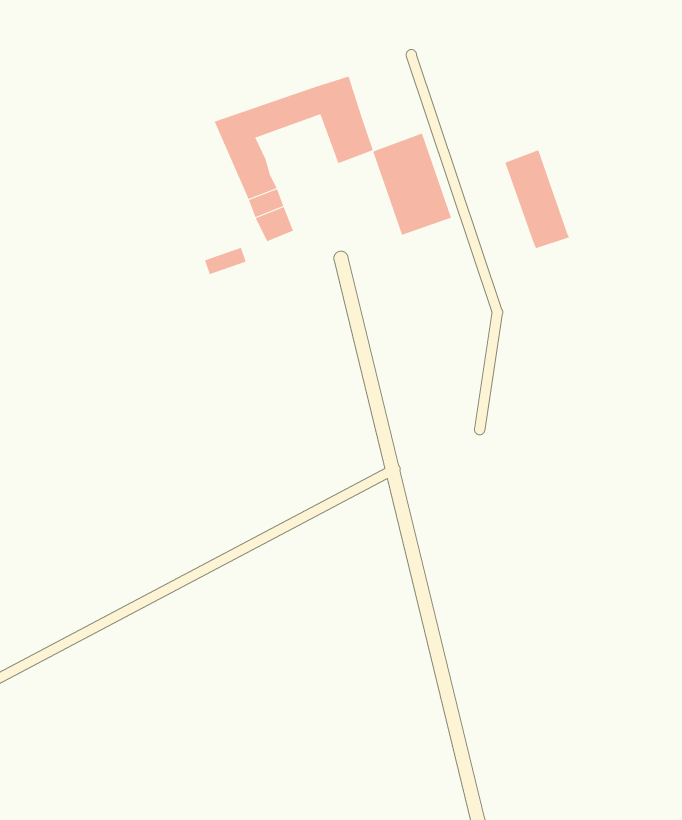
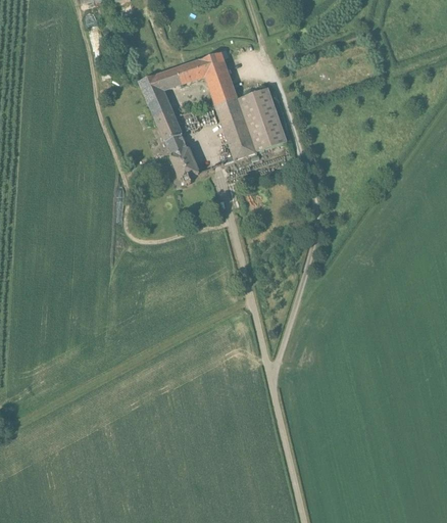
building: [505,149,570,249] -> [214,98,255,160]
building: none -> [167,147,198,183]

